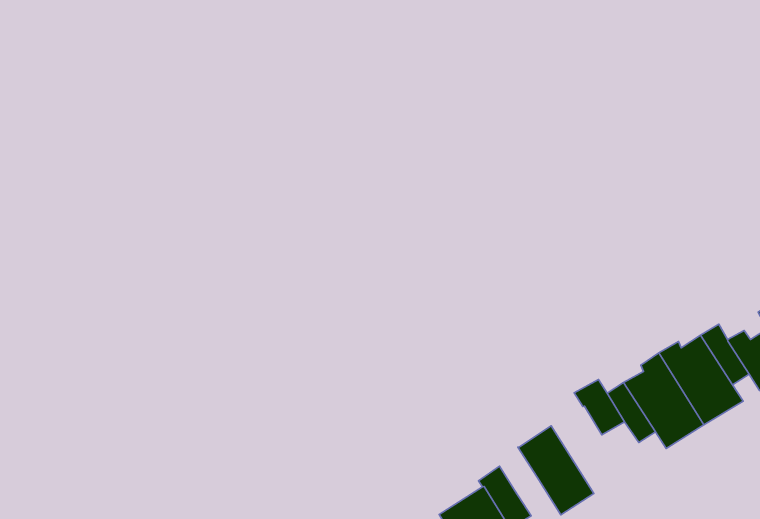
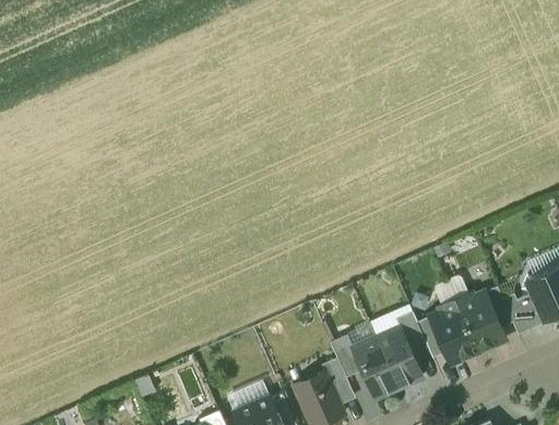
building: none -> [376,328,421,387]
building: none -> [330,334,361,377]

